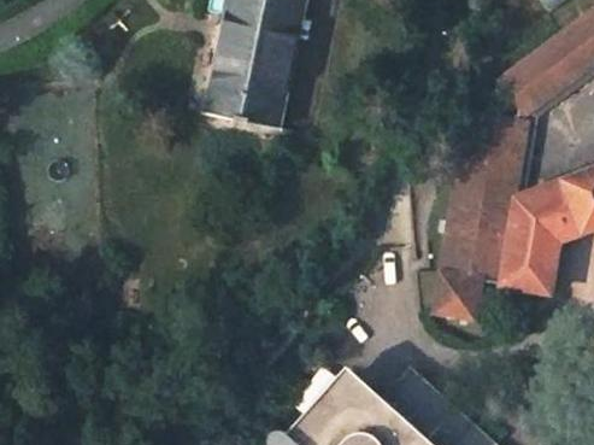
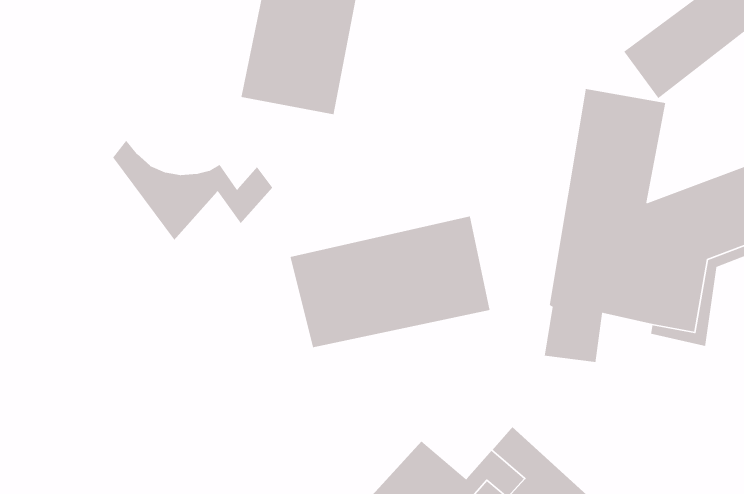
building: none -> [112,139,273,241]
building: none -> [289,215,490,348]

